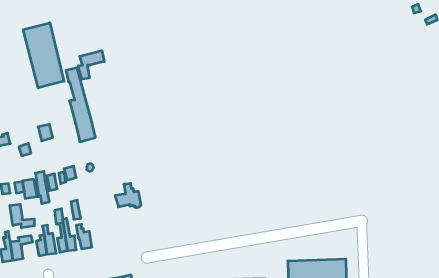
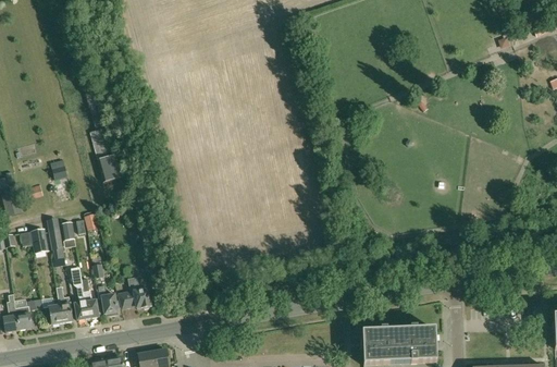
building: [23,23,64,88] -> none
building: [78,51,104,79] -> none
building: [115,183,141,208] -> [117,278,150,308]
building: [10,204,34,228] -> none

